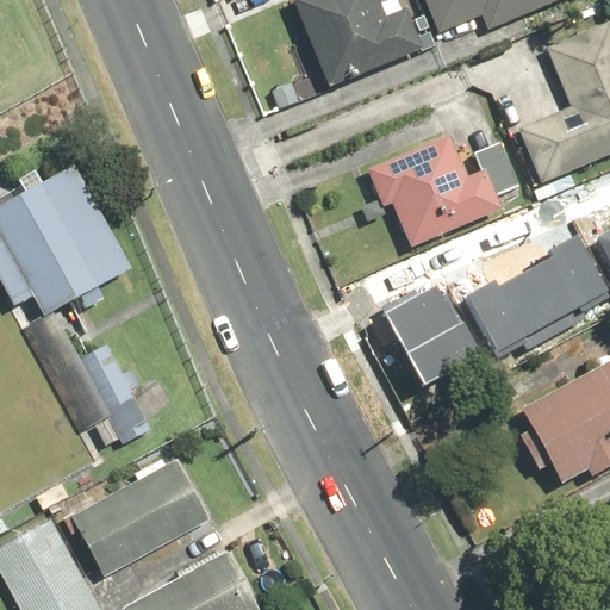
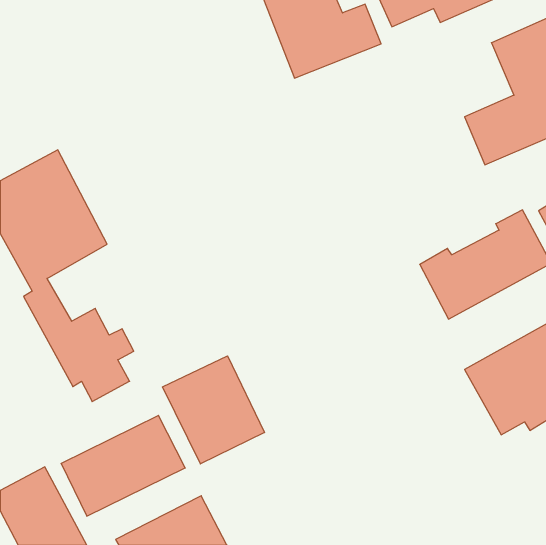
building: [363,133,499,249] -> none
building: [386,280,480,382] -> none
building: none -> [163,356,264,464]

